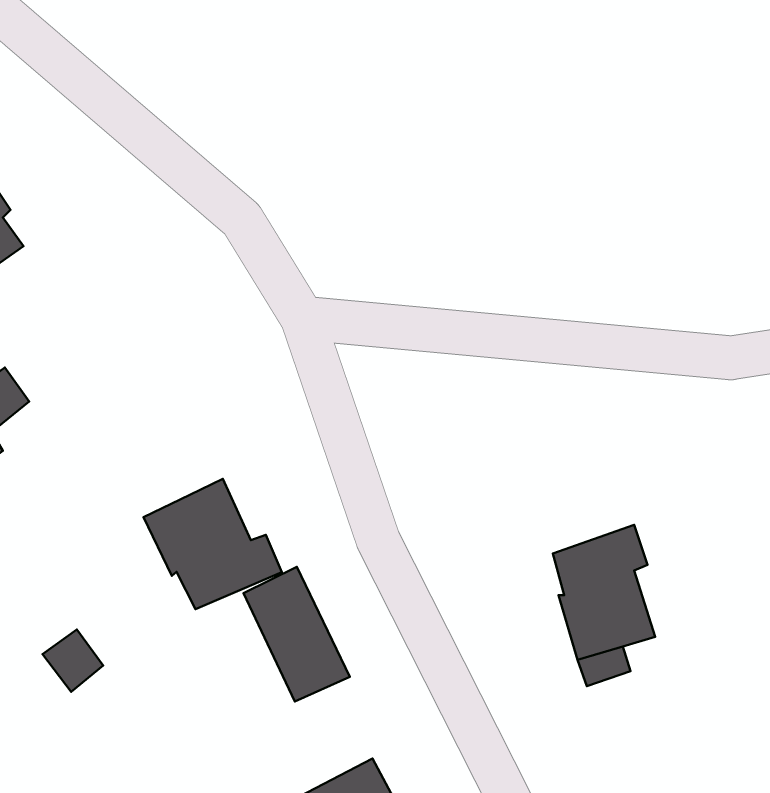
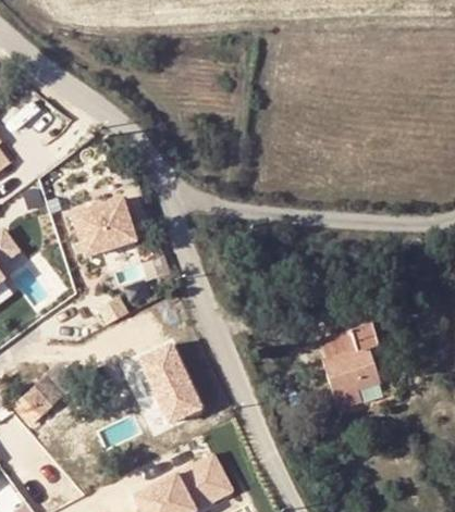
building: none -> [73,199,136,257]
building: [143,479,282,609] -> none

